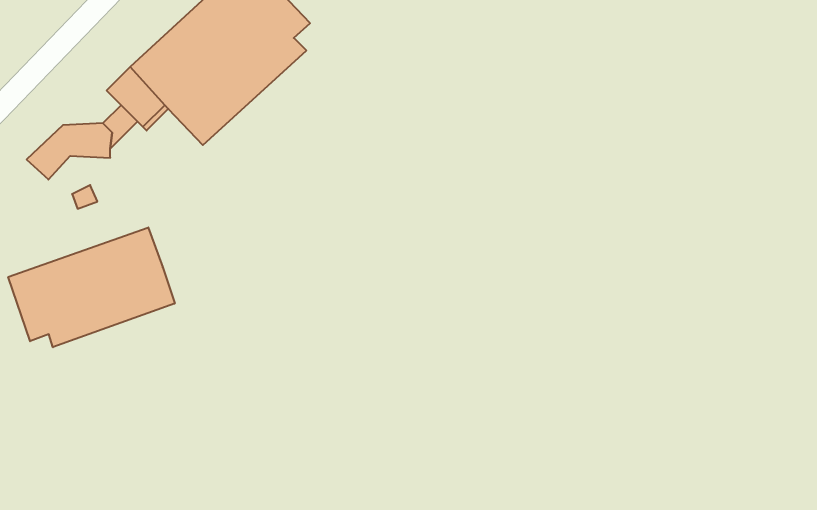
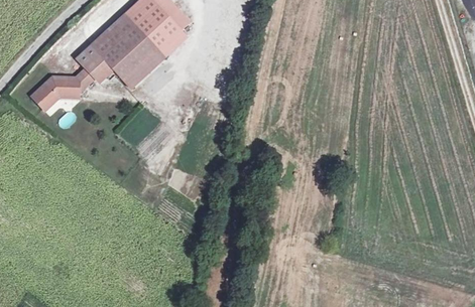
building: [8,227,175,347] -> none

